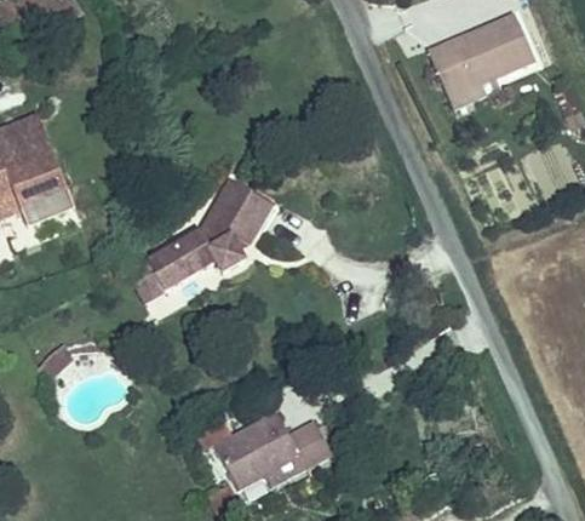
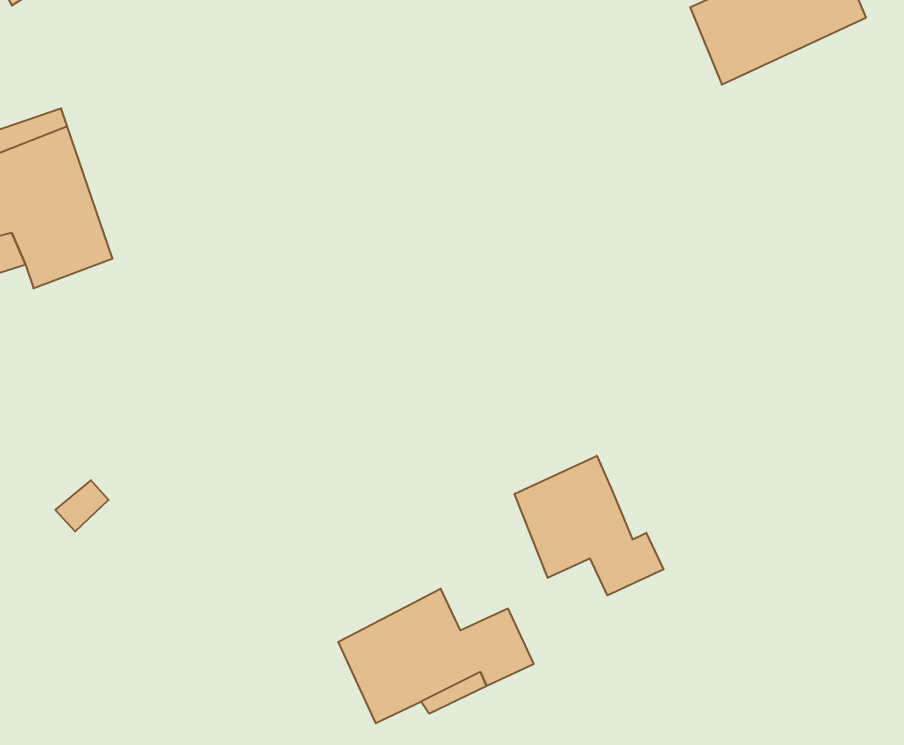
building: [143,184,268,291] -> none
building: none -> [515,456,664,595]

